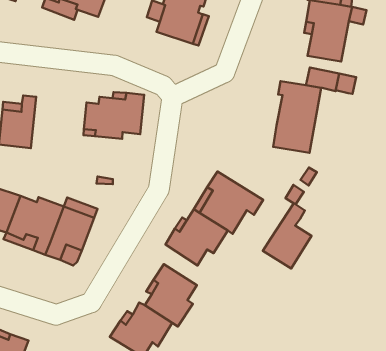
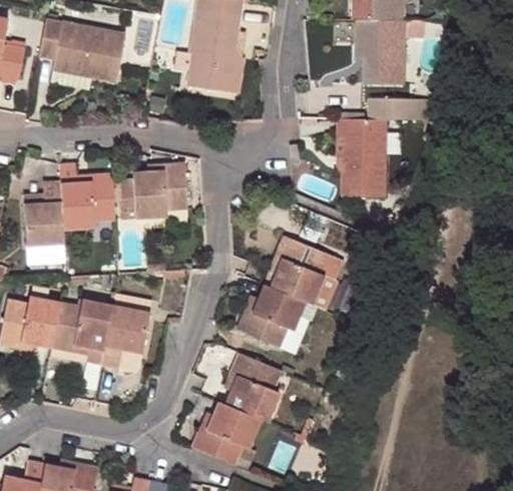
building: none -> [59,162,115,229]
building: [263,203,312,269] -> none

